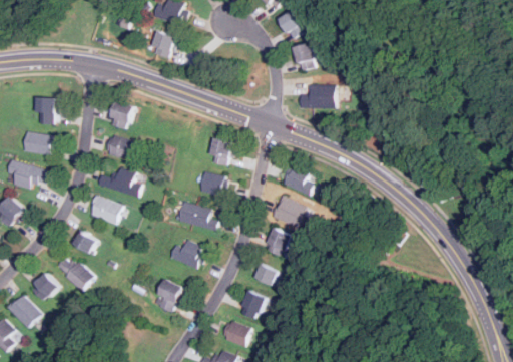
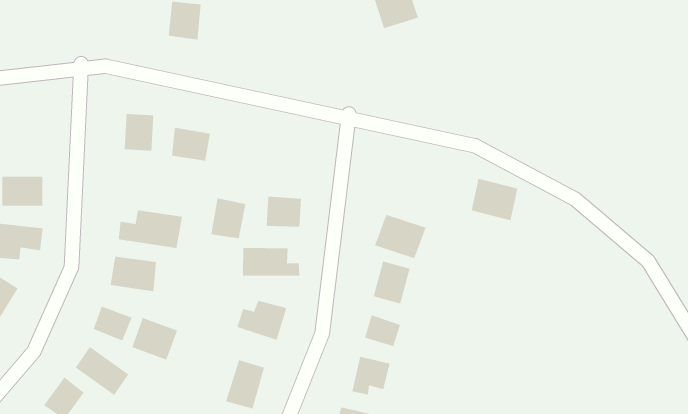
building: [299,85,337,108] -> none
building: [37,96,57,124] -> none
building: [105,134,134,160] -> [171,127,211,161]
building: [208,136,235,166] -> [211,198,246,239]
building: [282,163,316,196] -> [471,178,518,221]
building: none -> [131,317,178,360]

